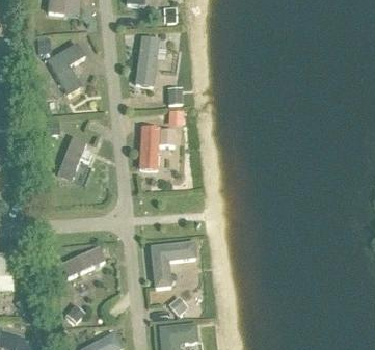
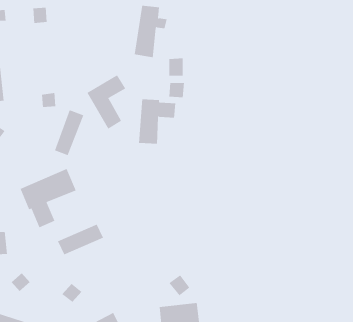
building: [47,42,85,95] -> [86,75,126,130]
building: none -> [20,168,76,228]
building: [150,241,196,288] -> none

